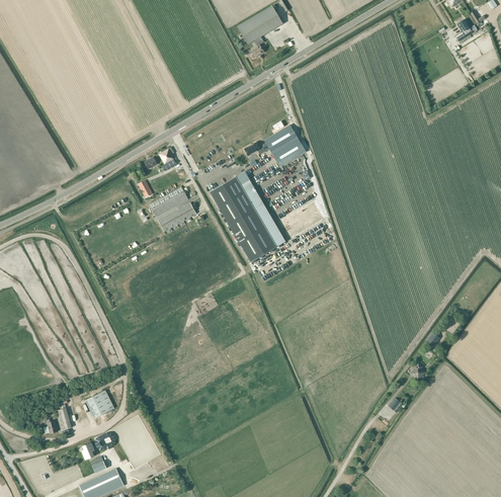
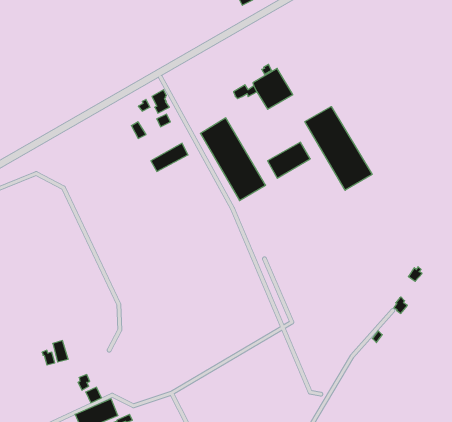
building: none -> [305,107,372,190]
building: [150,185,189,216] -> none
building: [86,389,115,417] -> none

